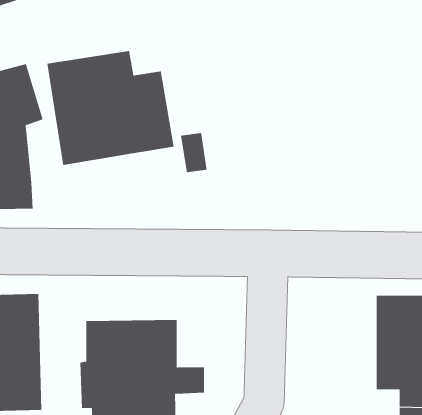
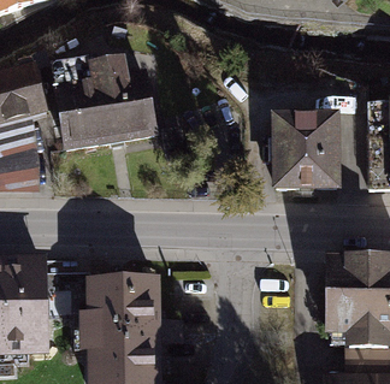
building: none -> [272,112,342,187]

